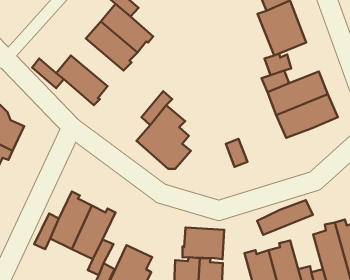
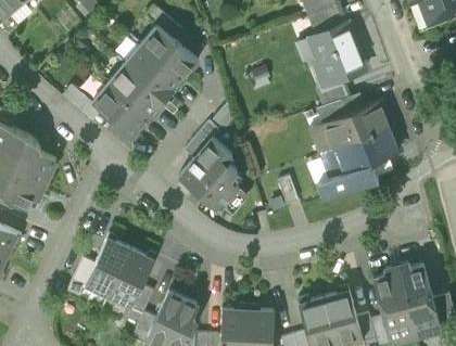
building: none -> [107,64,165,116]
building: [257,200,313,235] -> [318,162,379,200]
building: [183,228,224,259] -> none

